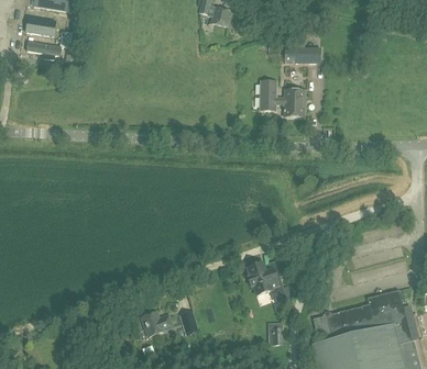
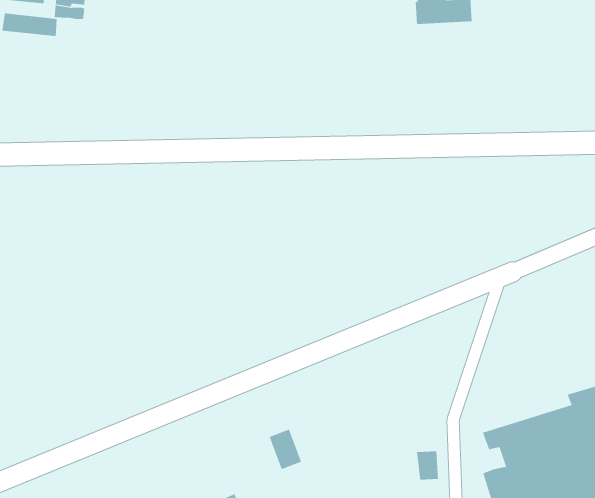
building: [260,80,305,116] -> none
building: [248,262,281,294] -> none
building: [141,311,172,335] -> none

